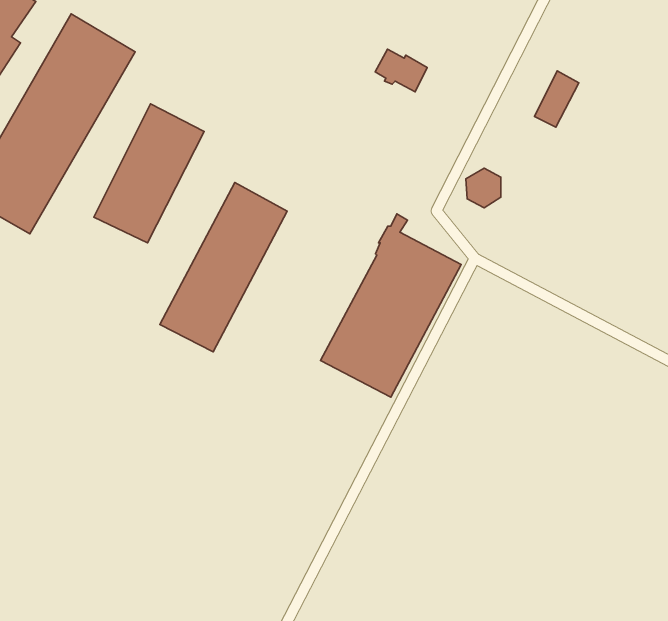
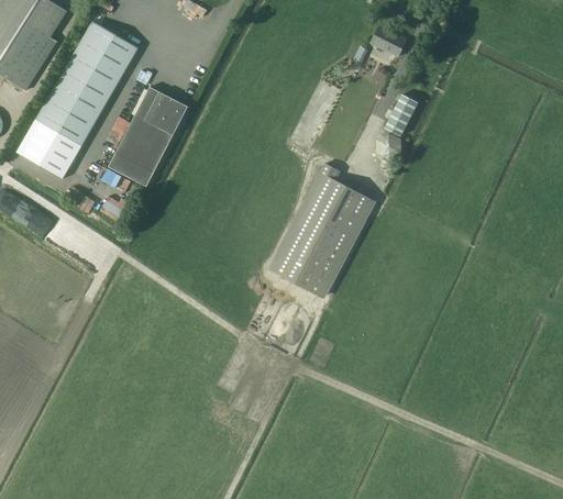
building: [375,49,427,92] -> [369,26,407,57]
building: [534,71,579,127] -> [385,95,417,135]
building: [160,182,287,352] -> none

